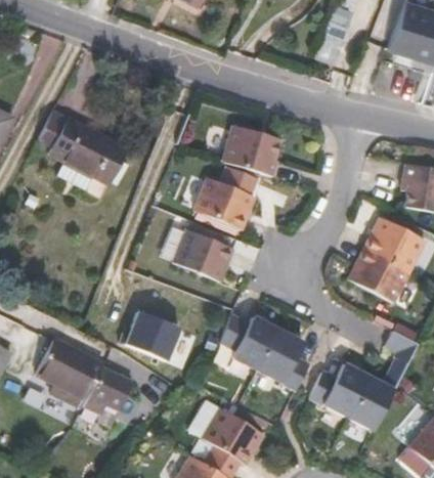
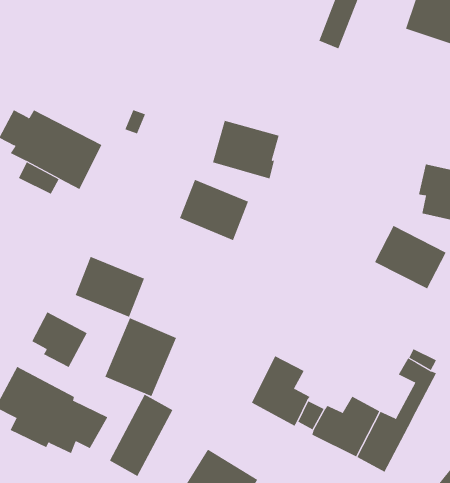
building: [173,228,233,281] -> [75,256,145,318]
building: [347,248,409,303] -> none
building: none -> [32,312,87,368]
building: [220,314,277,370] -> none
building: none -> [109,394,173,477]

